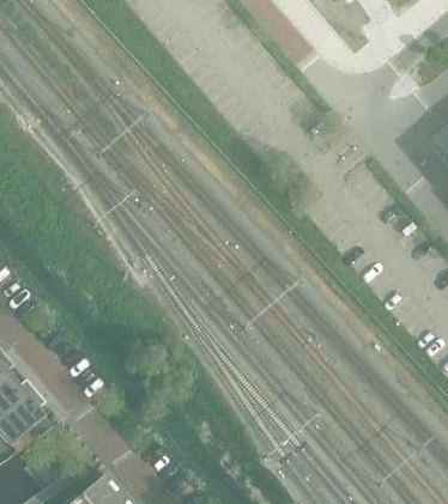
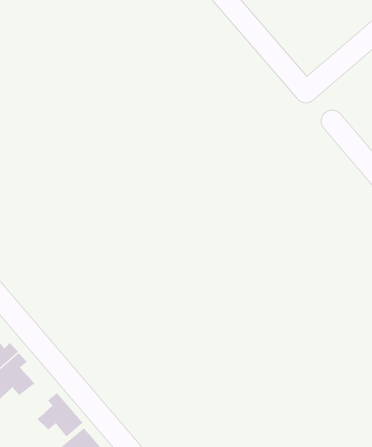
building: none -> [37,392,86,437]

